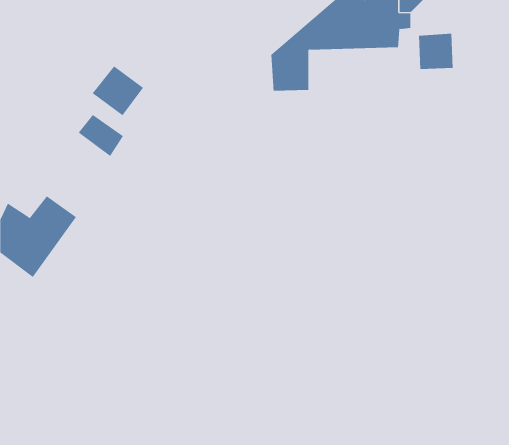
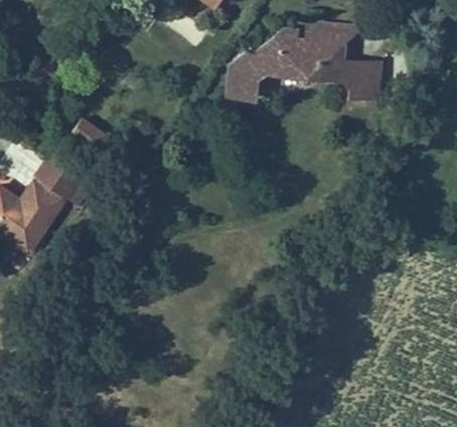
building: [92,66,144,116] -> none
building: none -> [43,166,85,205]

